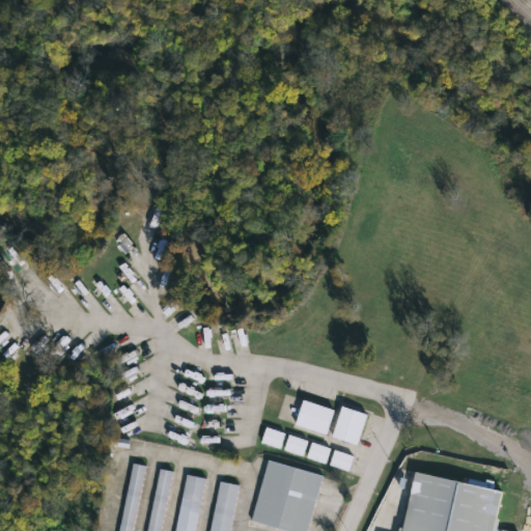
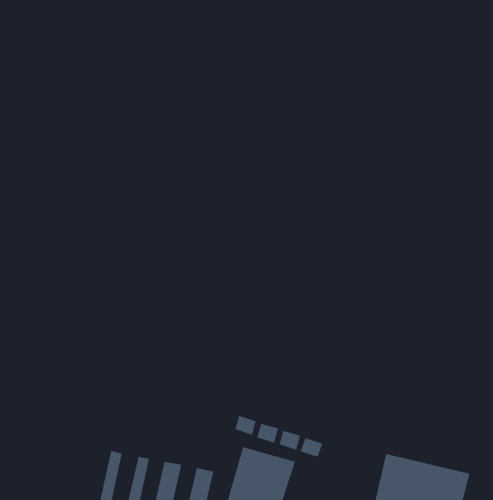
building: [296,400,334,436] -> none
building: [333,408,367,445] -> none

